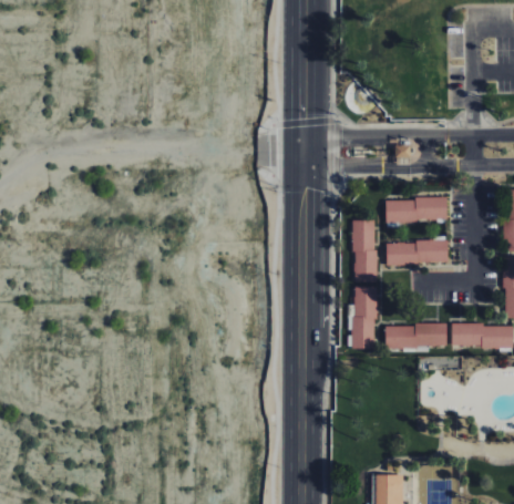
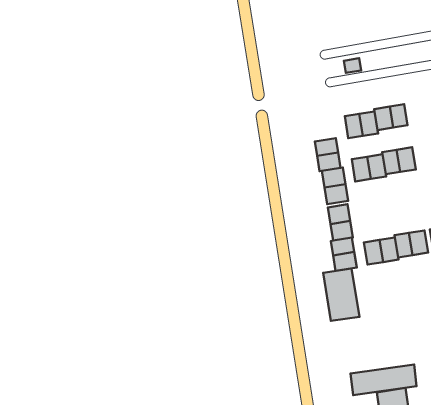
building: none -> [323,269,359,321]
building: none -> [351,364,417,395]

